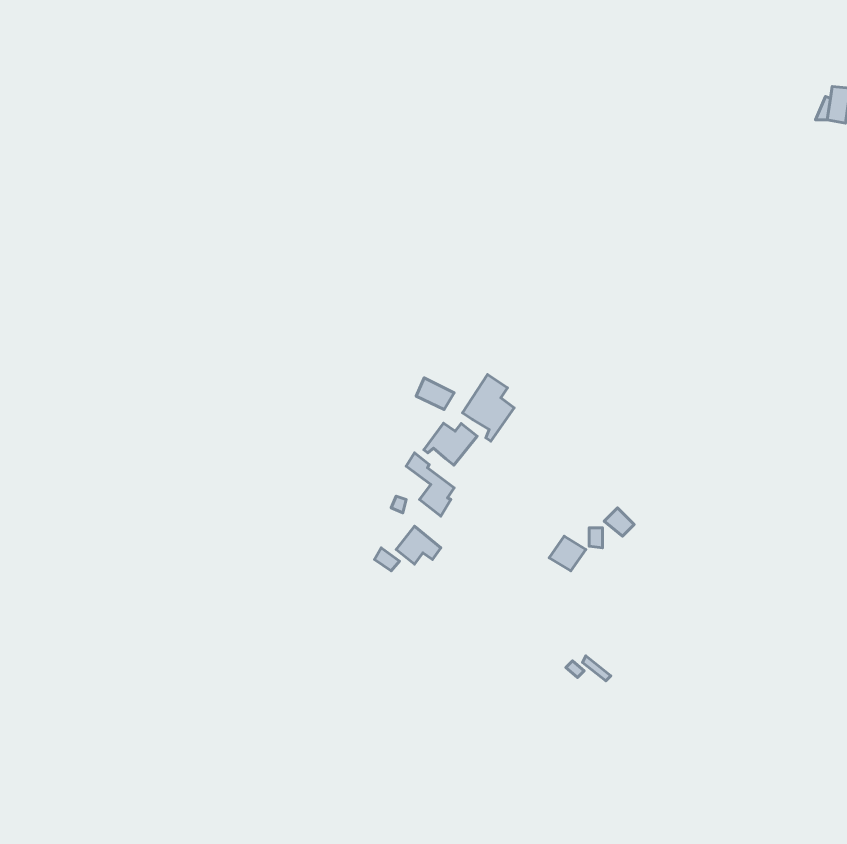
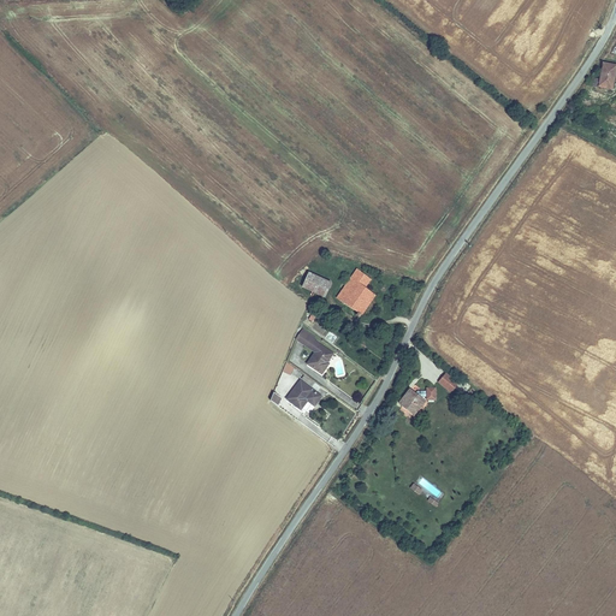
building: [424,423,477,465] -> none

